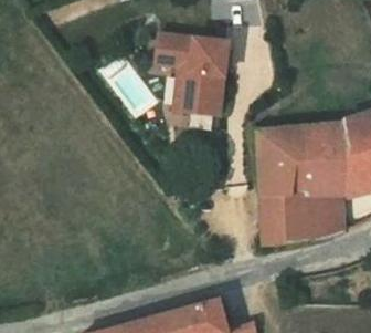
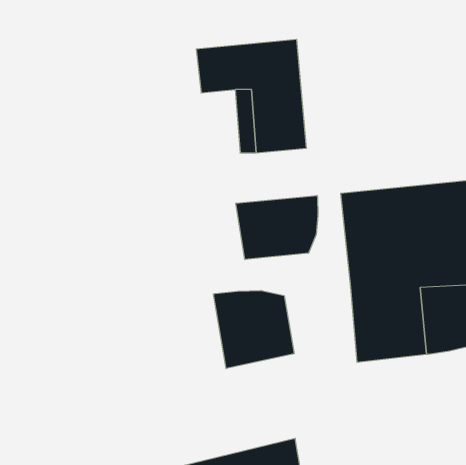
building: none -> [236,195,318,260]
building: none -> [213,290,294,369]

